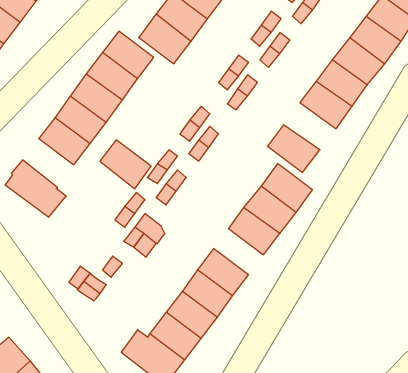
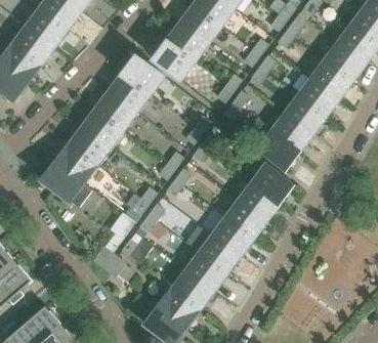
building: none -> [269,114,312,153]
building: [100,140,151,189] -> [55,143,97,183]
building: none -> [212,217,253,255]

